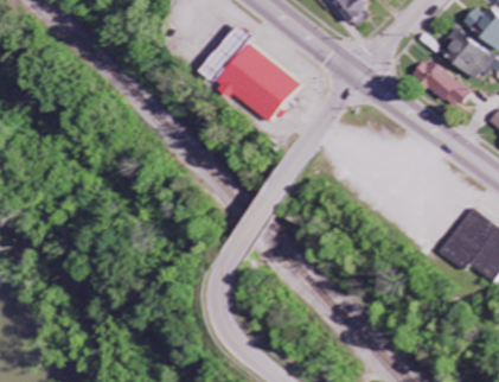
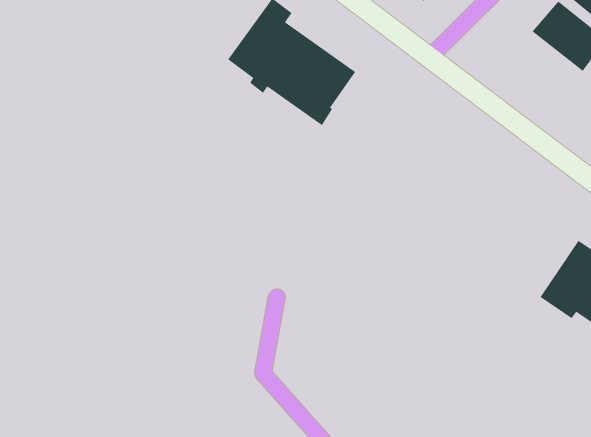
building: [418,57,465,106] -> none

